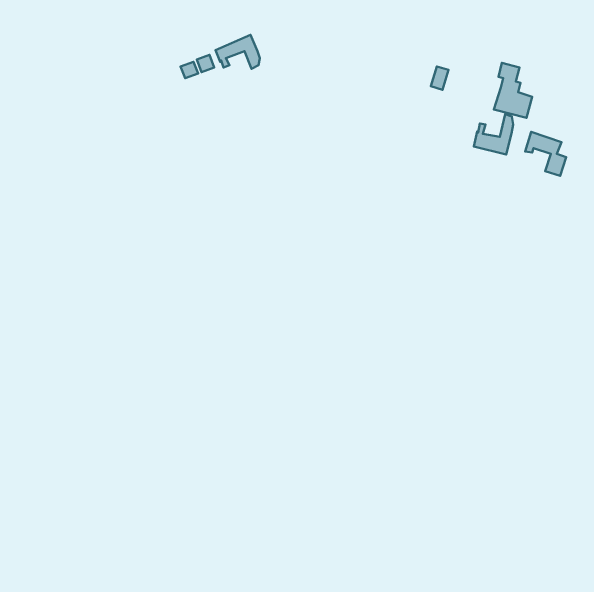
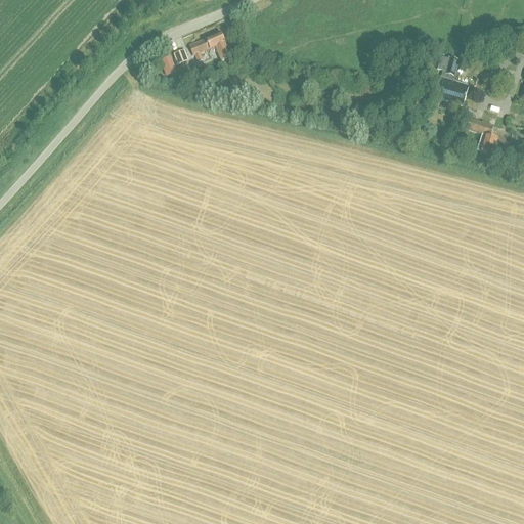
building: [474,114,513,155] -> none

